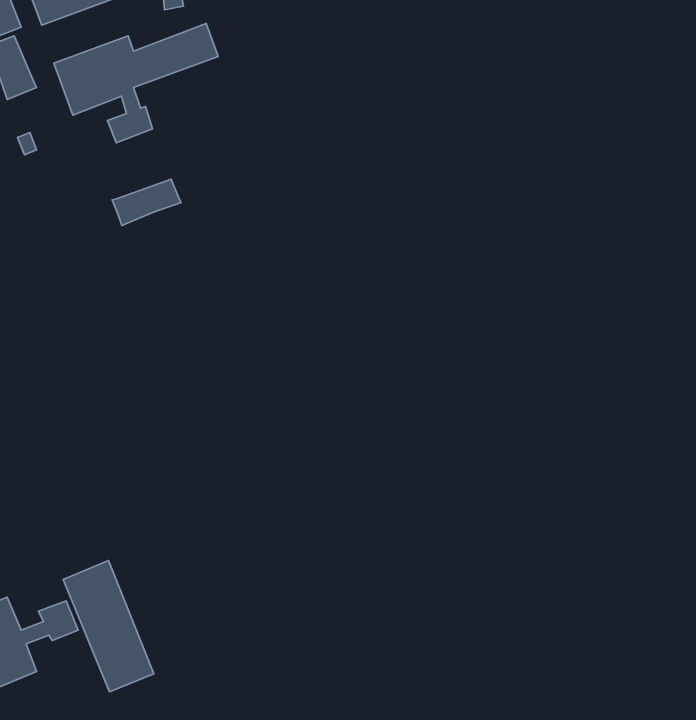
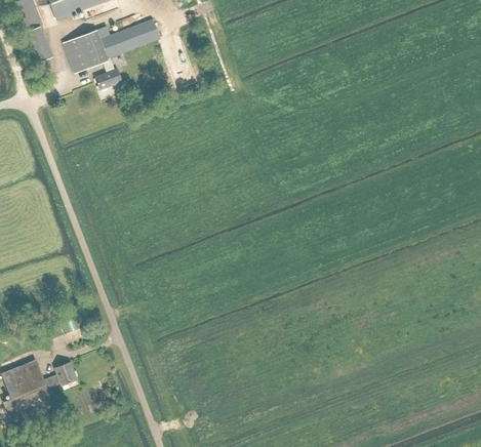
building: [112,179,181,226] -> none
building: [63,560,154,692] -> none

